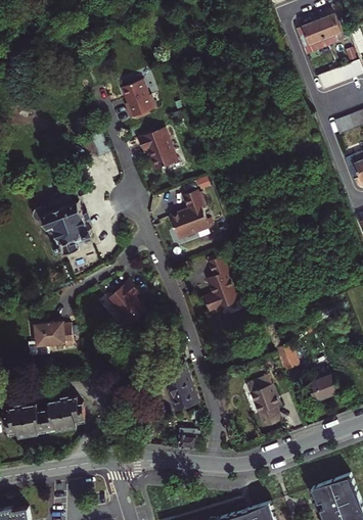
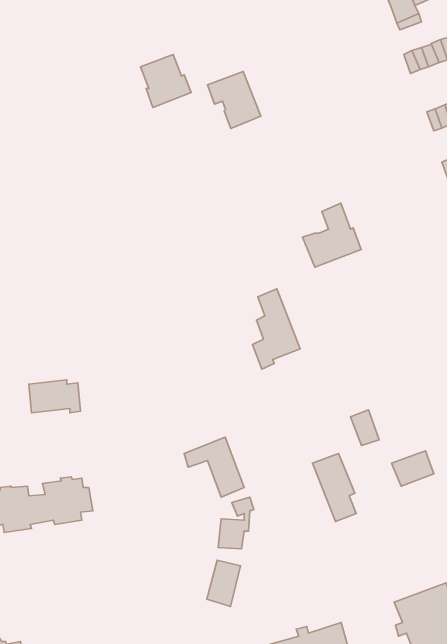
building: [136,125,176,168] -> [208,71,261,129]
building: [169,187,213,235] -> [303,203,361,267]
building: [31,201,91,253] -> none
building: [107,277,148,324] -> none
building: none -> [207,560,241,606]

